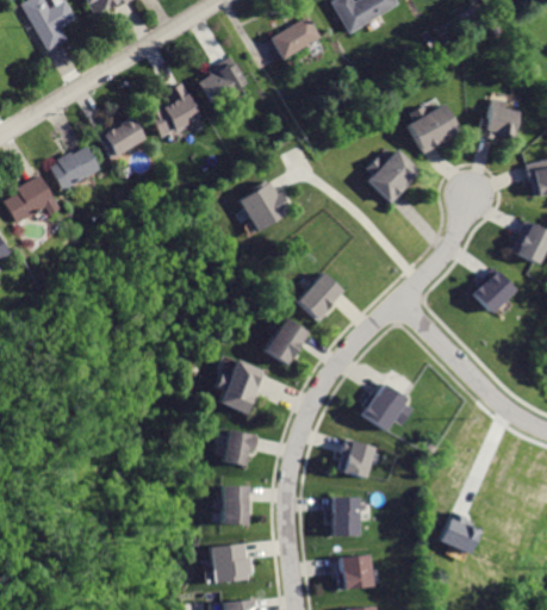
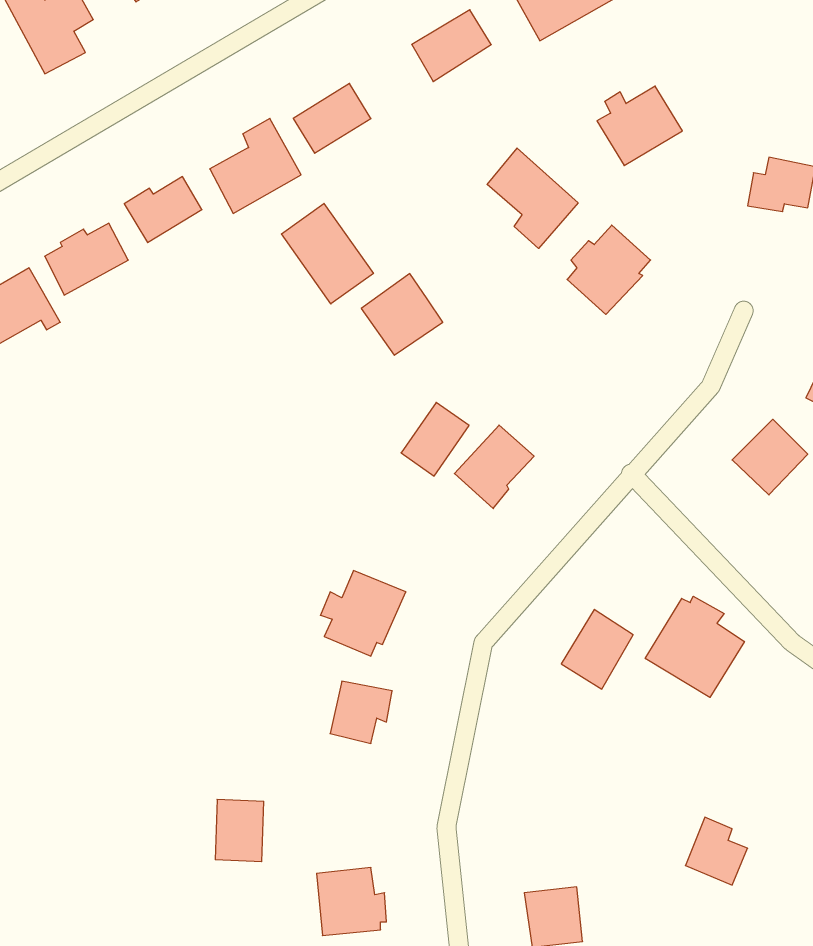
building: none -> [487,148,578,248]
building: [409,104,461,152] -> [597,86,682,166]
building: none -> [281,203,373,304]
building: [267,319,309,365] -> [401,402,469,476]
building: none -> [645,596,744,697]
building: [342,438,378,478] -> none
building: [220,486,250,524] -> [215,799,264,862]
building: [335,496,363,535] -> none

